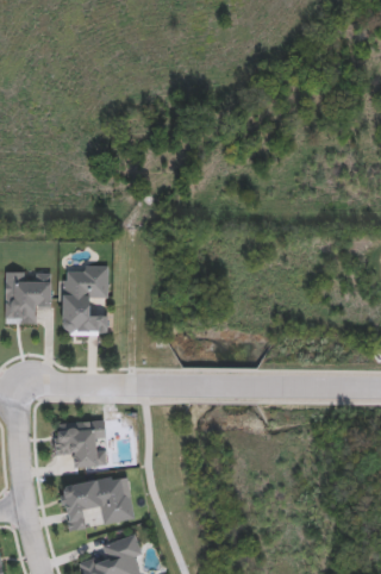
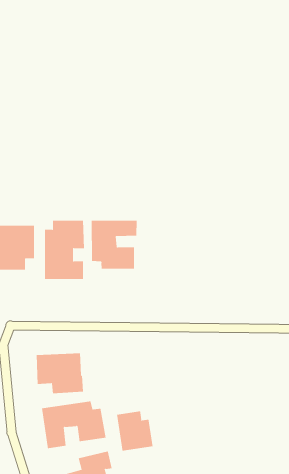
building: none -> [91,220,137,270]
building: none -> [117,411,153,451]

